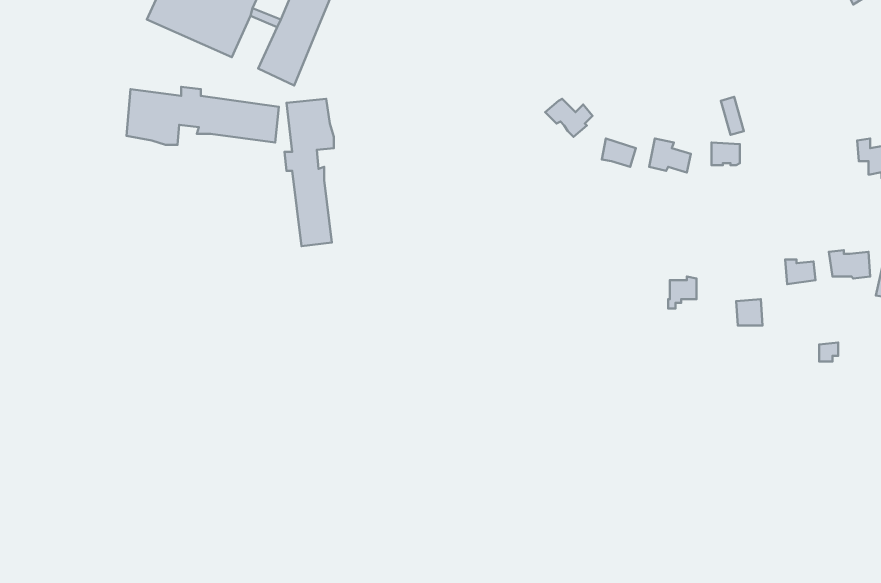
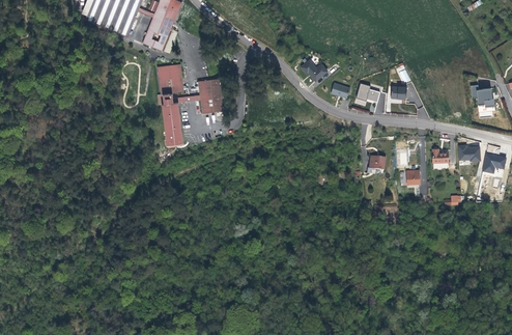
building: [127,87,279,145] -> none
building: none -> [197,82,222,117]

